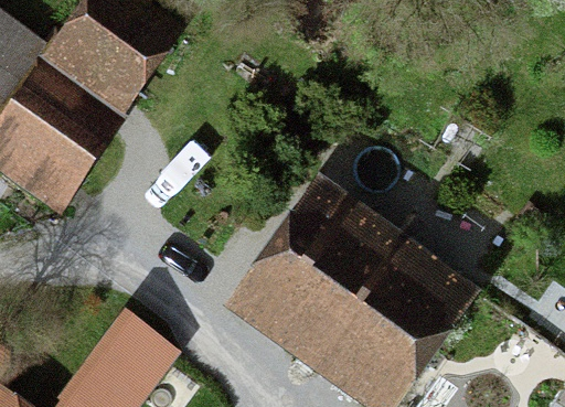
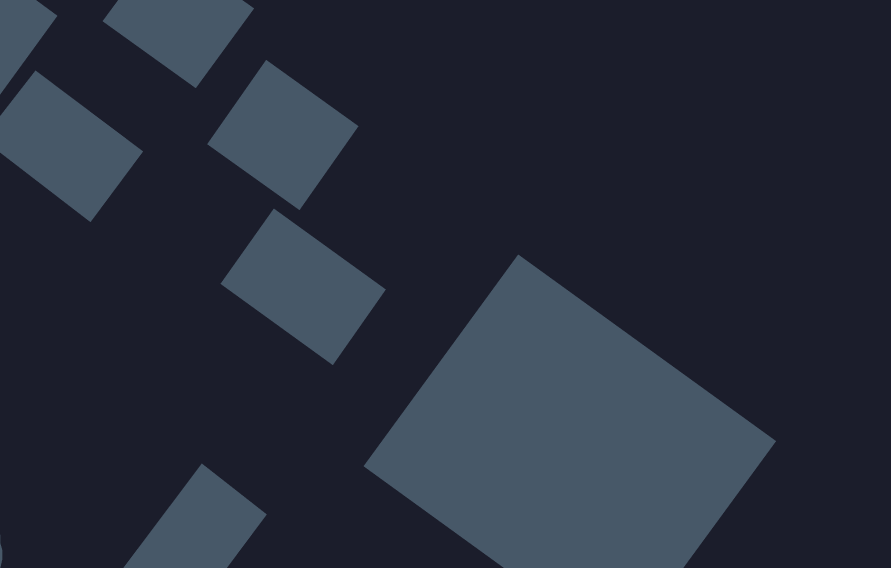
building: none -> [206,59,359,211]
building: none -> [220,207,387,366]

